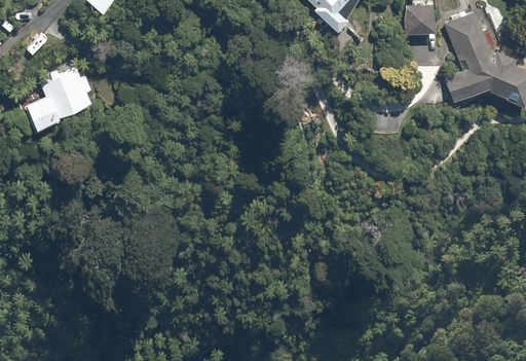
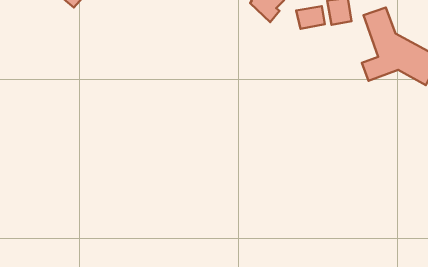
building: none -> [296,6,325,29]
building: [23,67,93,125] -> none

